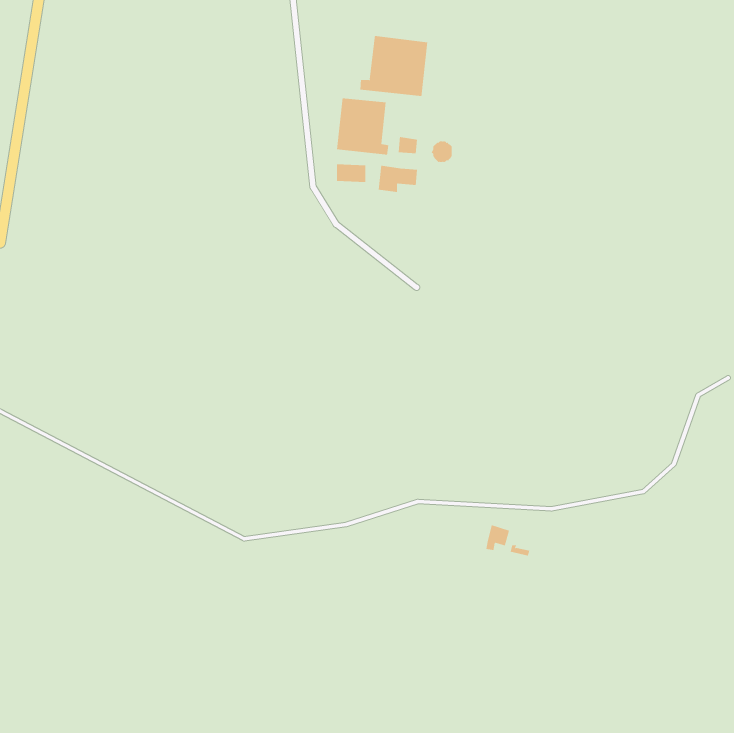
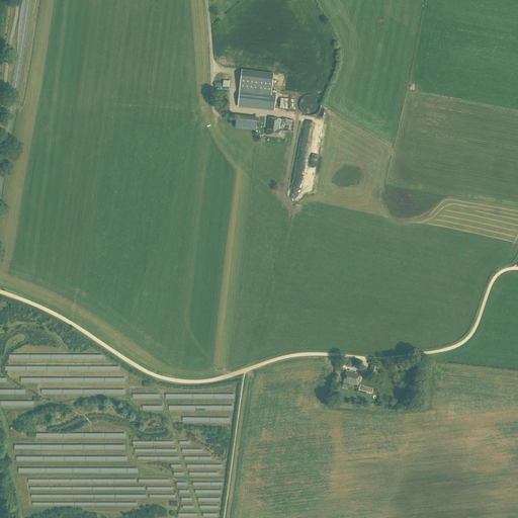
building: [360,35,428,97] -> none

